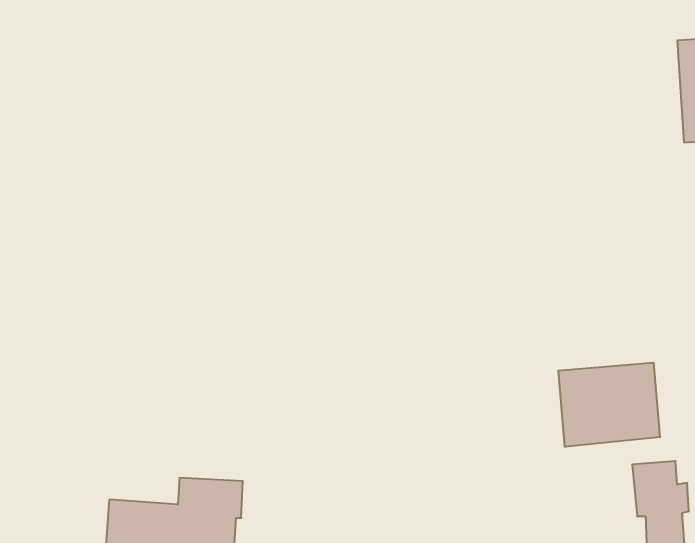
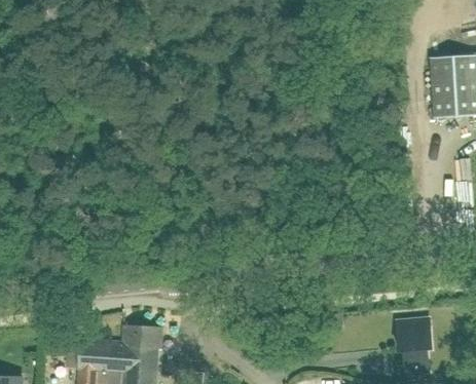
building: [558,363,660,447] -> none

